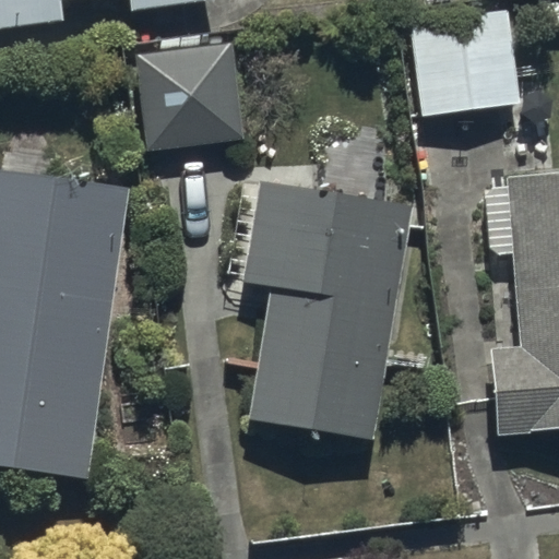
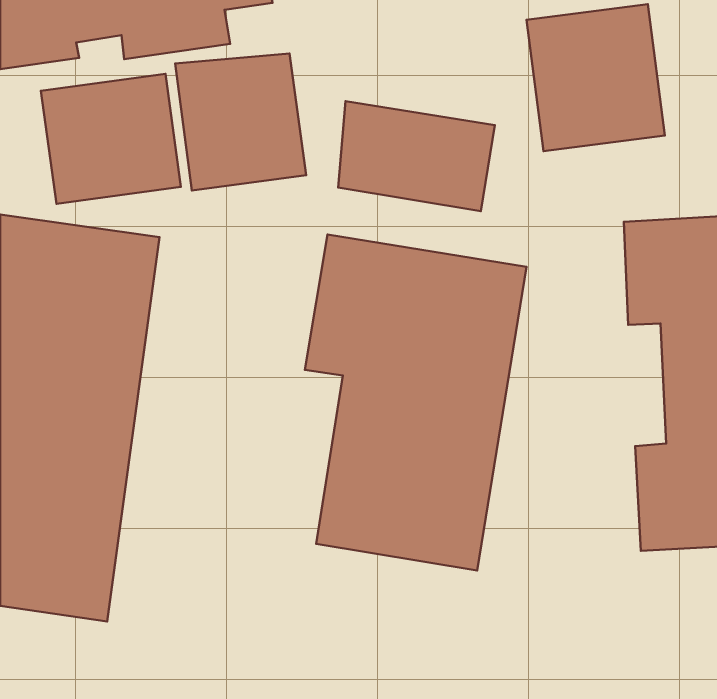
building: none -> [41,74,181,204]
building: none -> [338,101,495,211]

